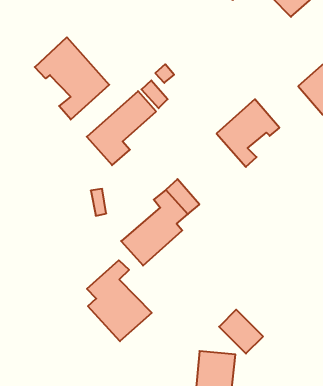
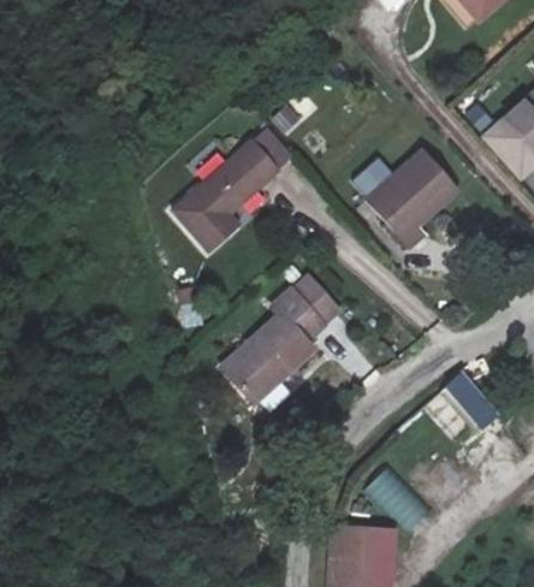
building: [35,37,109,120] -> none
building: none -> [445,373,499,429]
building: [87,260,152,341] -> none

